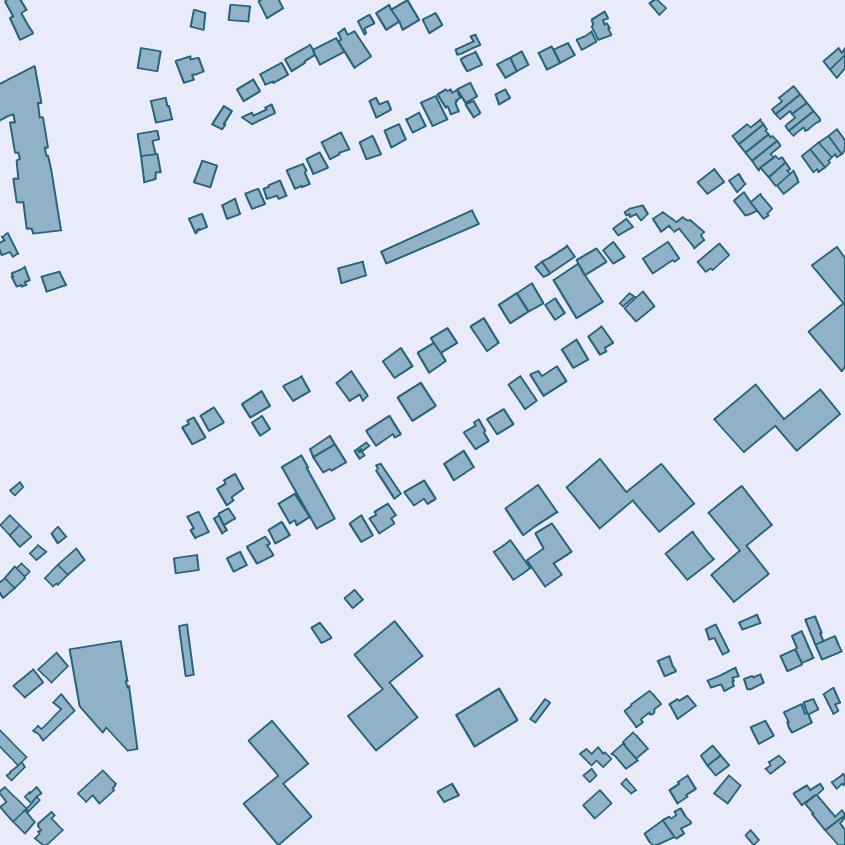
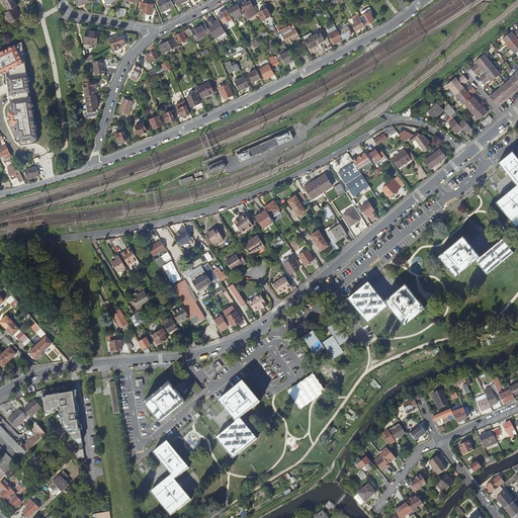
building: [506,485,558,535] -> none
building: [708,486,772,602] -> none
building: [665,532,714,580] -> none
building: none -> [144,379,185,421]
building: [456,689,517,747] -> [287,371,325,407]

